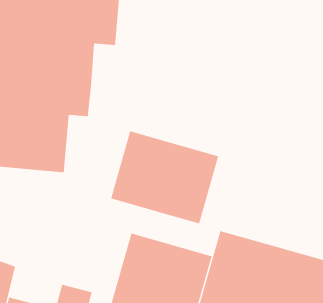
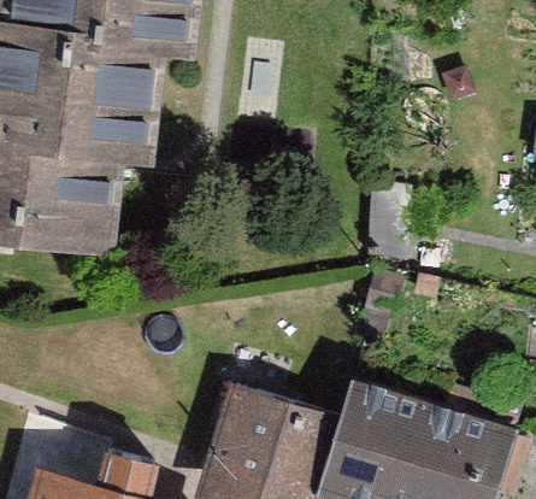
building: [110,131,219,224] -> none

